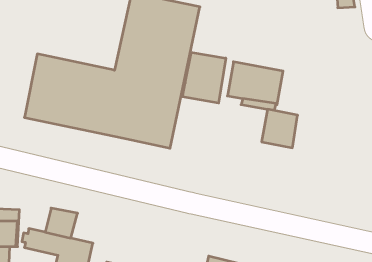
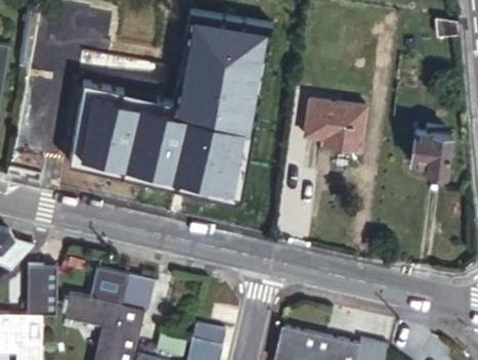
building: [183,52,226,103] -> none
building: [262,109,298,148] -> [411,129,454,175]
building: none -> [117,275,155,313]

